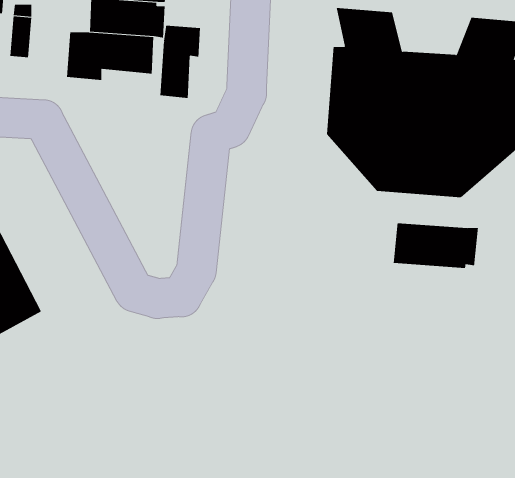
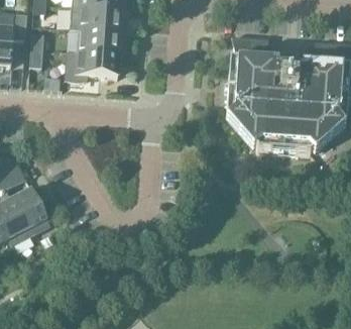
building: [160,25,200,99] -> none
building: [393,222,478,269] -> none

